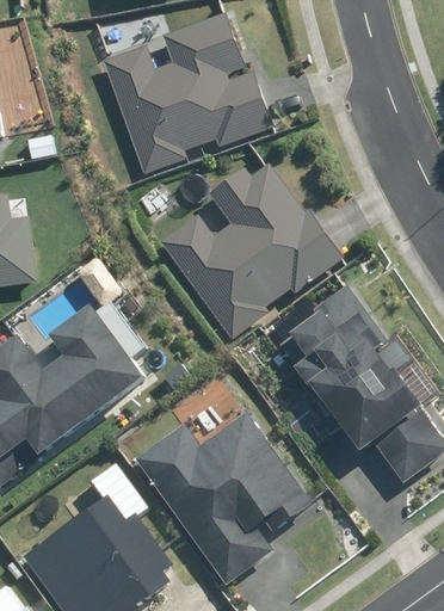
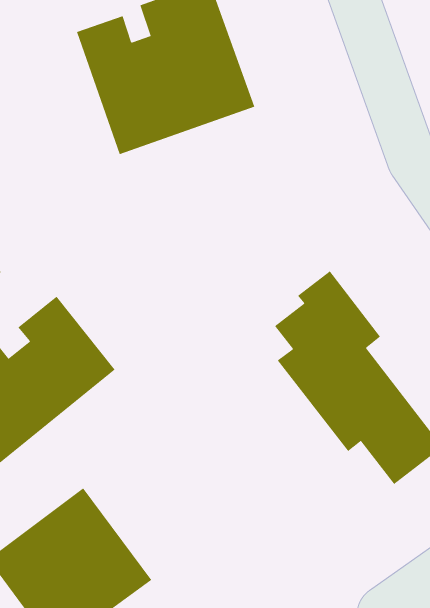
building: [160,165,344,339] -> none
building: [137,409,312,582] -> none

